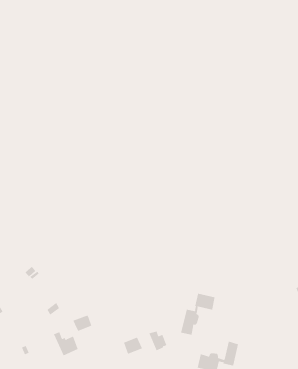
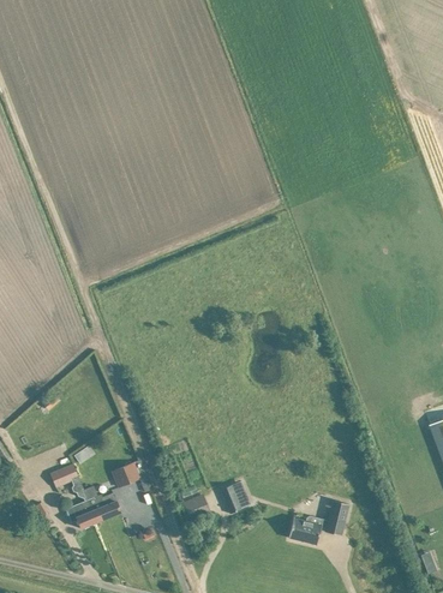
building: [181,293,215,336] -> none
building: none -> [50,462,97,527]

